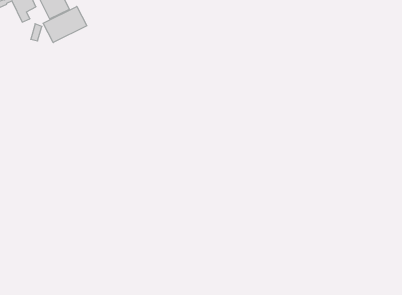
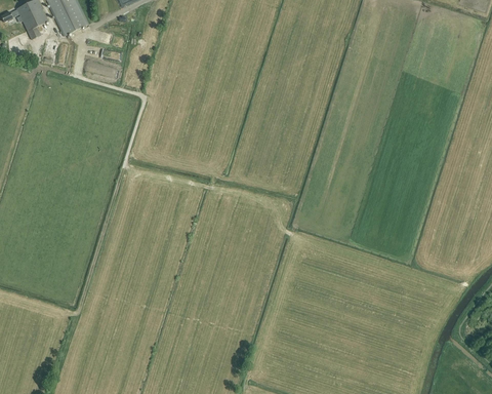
building: [43,6,87,43] -> none

